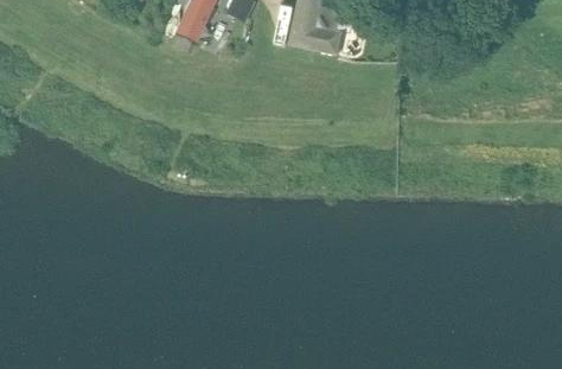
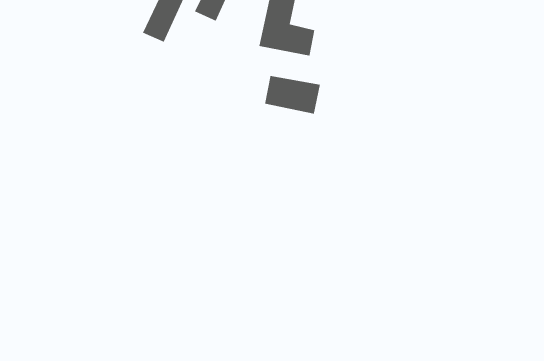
building: none -> [265,75,320,115]

